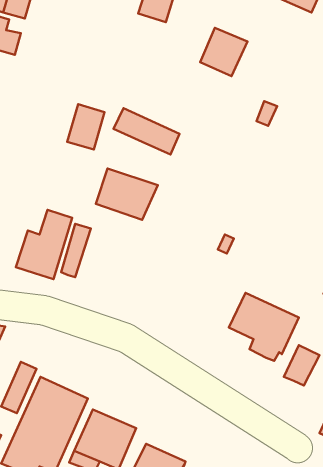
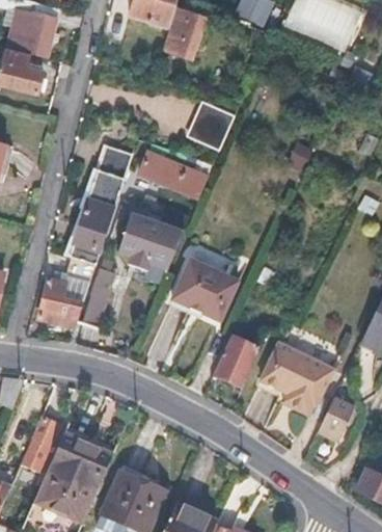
building: [200,28,247,76] -> [187,99,237,150]
building: none -> [70,184,118,264]
building: none -> [171,260,238,321]
building: none -> [215,337,260,388]

